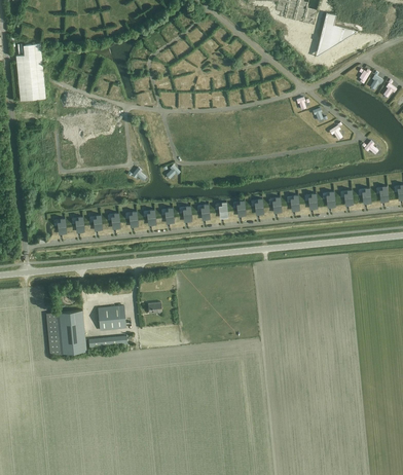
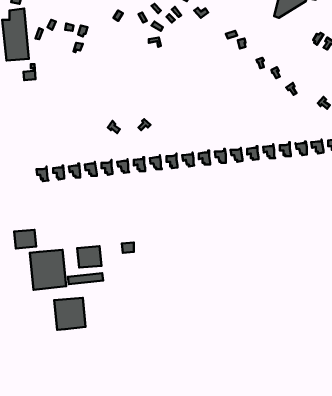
building: none -> [14,230,36,248]
building: none -> [54,298,86,330]

